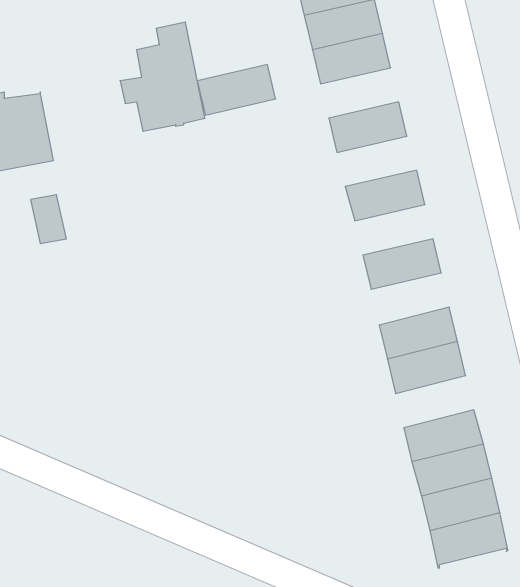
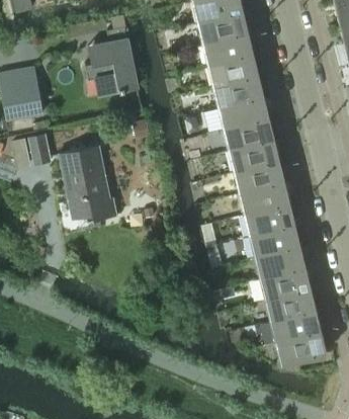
building: [197,65,276,115] -> [209,55,258,86]
building: none -> [220,97,269,129]
building: none -> [231,140,279,171]
building: none -> [60,145,117,219]
building: none -> [241,182,289,215]
building: none -> [256,246,304,278]

